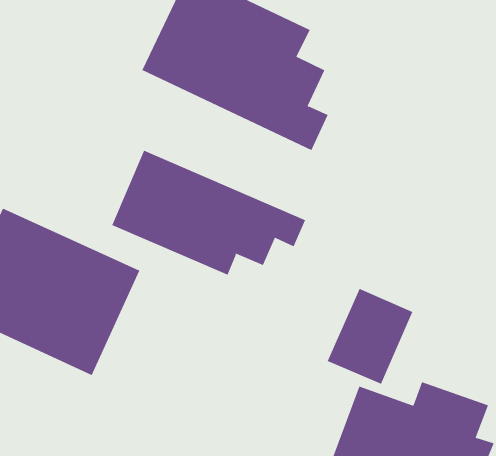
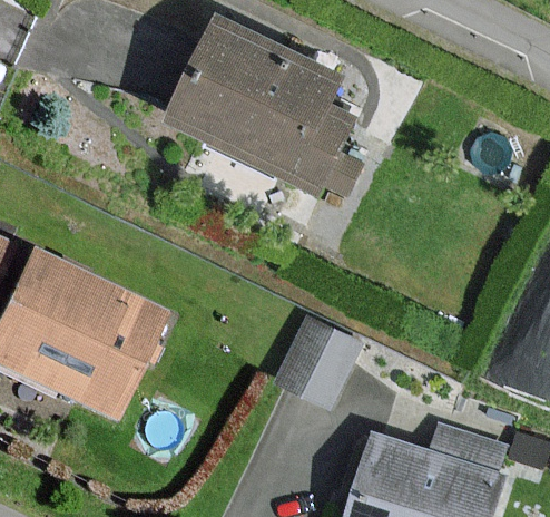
building: [111,150,306,276] -> none
building: [327,288,413,385] -> [277,314,363,410]

